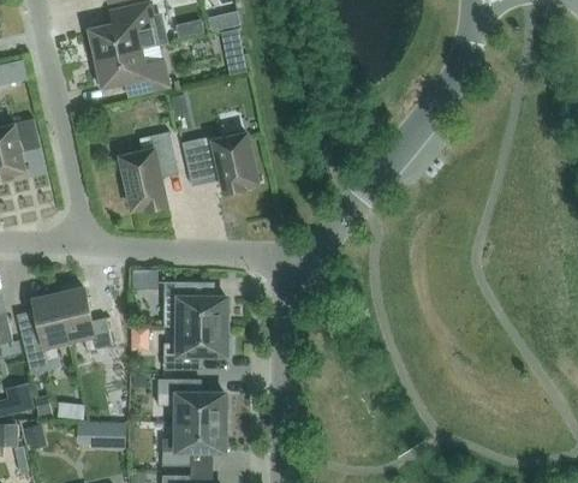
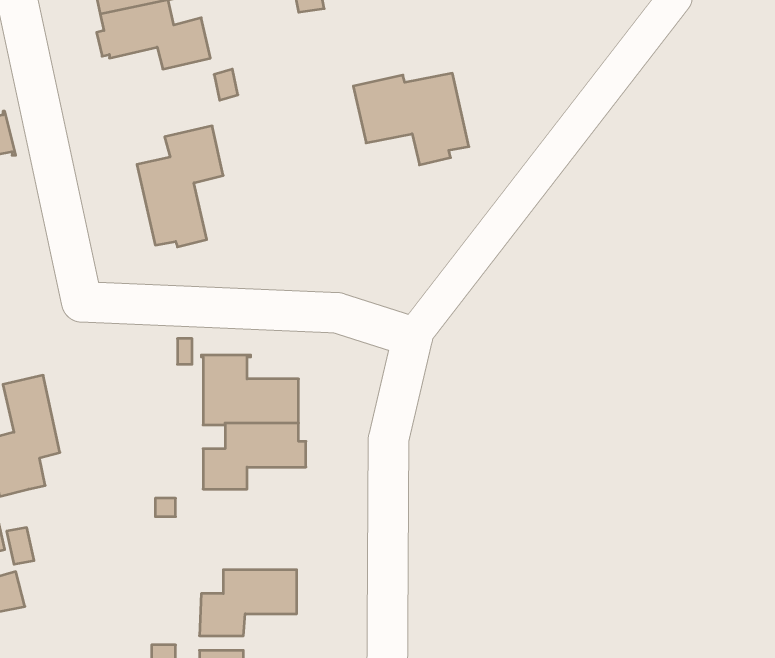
building: [181,135,257,195] -> [353,73,469,165]
building: [59,290,112,352] -> none
building: [157,380,225,423] -> none
building: [90,424,124,449] -> none

